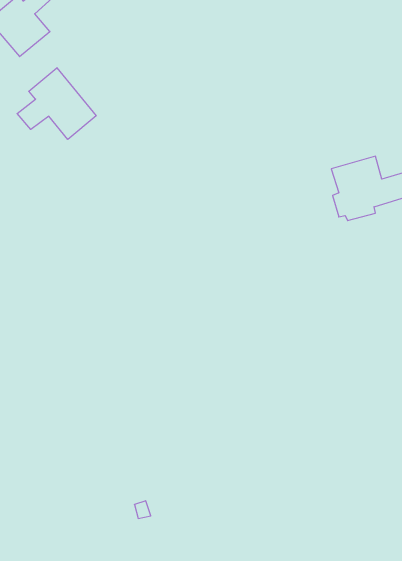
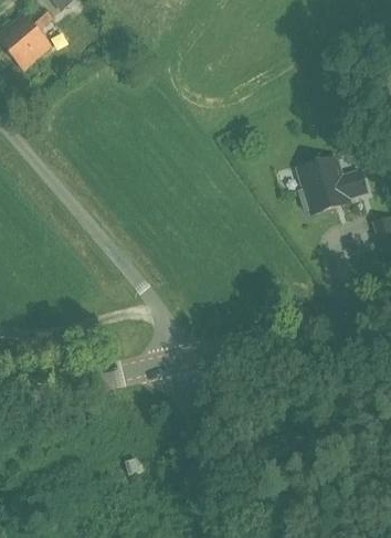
building: [17,68,96,139] -> none

